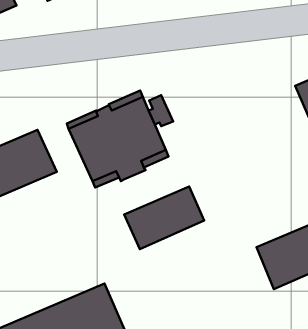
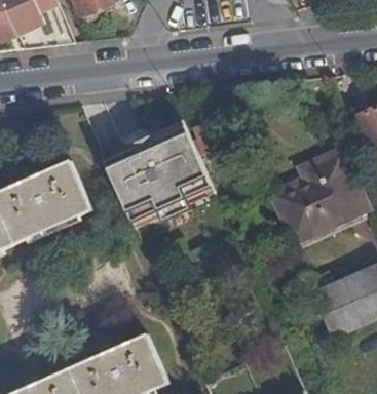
building: none -> [275,158,362,241]
building: [124,187,204,249] -> none

